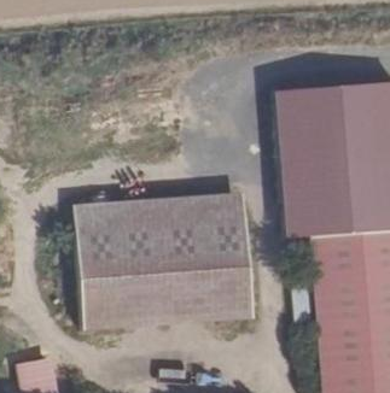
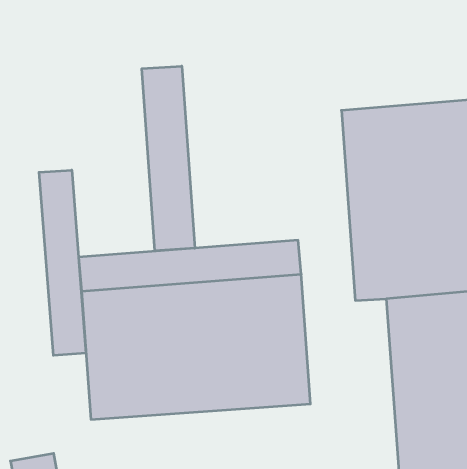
building: none -> [142,66,195,251]
building: none -> [39,170,86,355]

